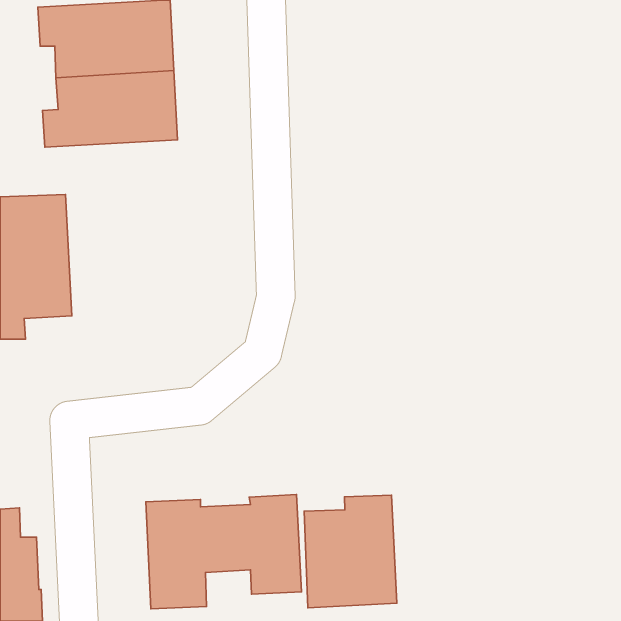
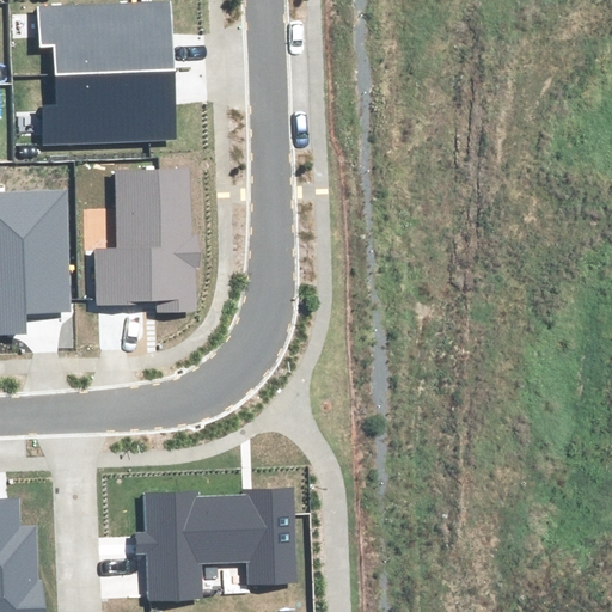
building: none -> [96,170,201,312]
building: [304,495,397,608] -> none

